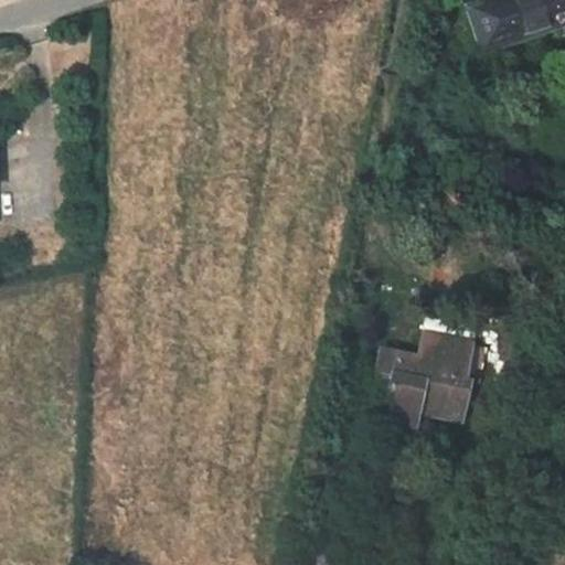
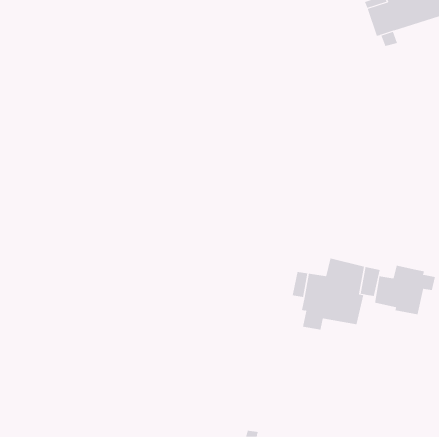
building: none -> [375,265,436,315]

